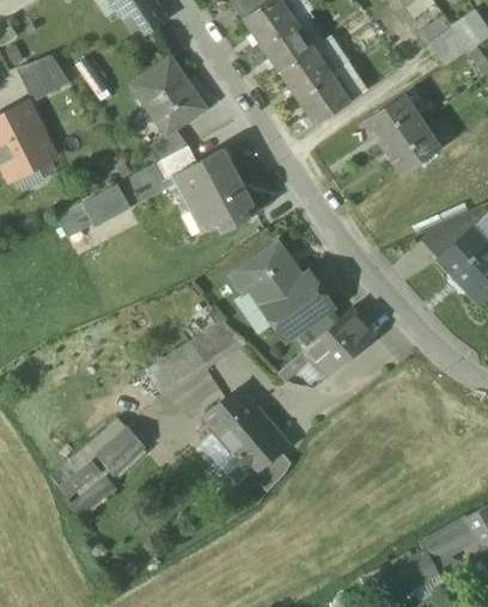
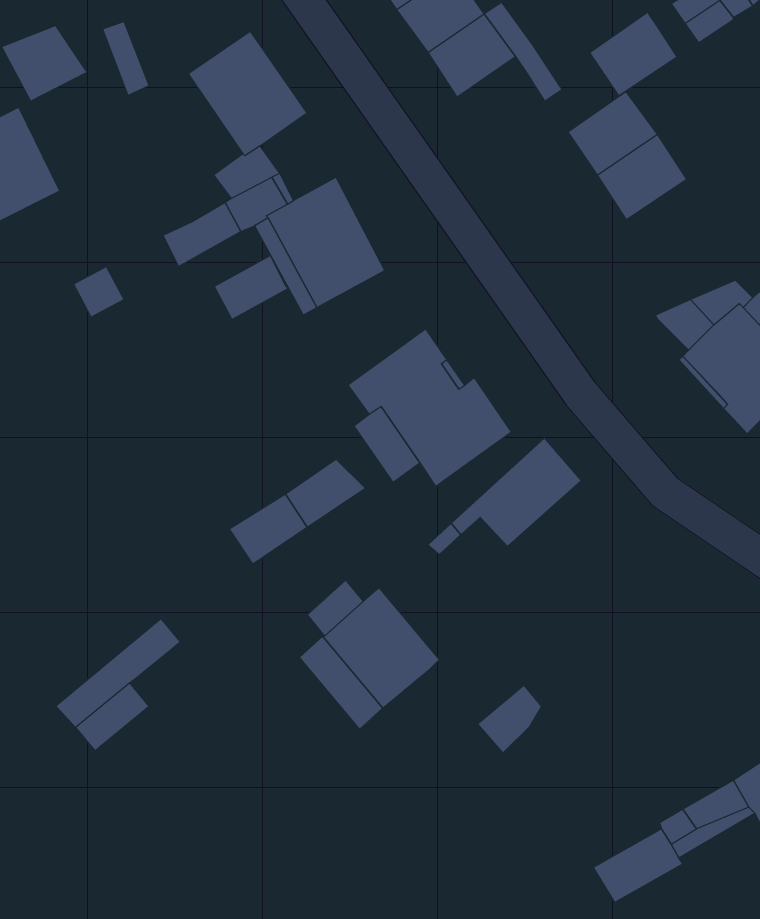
building: [298,73,352,124] -> [589,12,677,96]
building: [83,183,128,222] -> [214,255,288,320]
building: [102,424,148,470] -> none
building: [252,449,292,491] -> [478,685,542,753]

